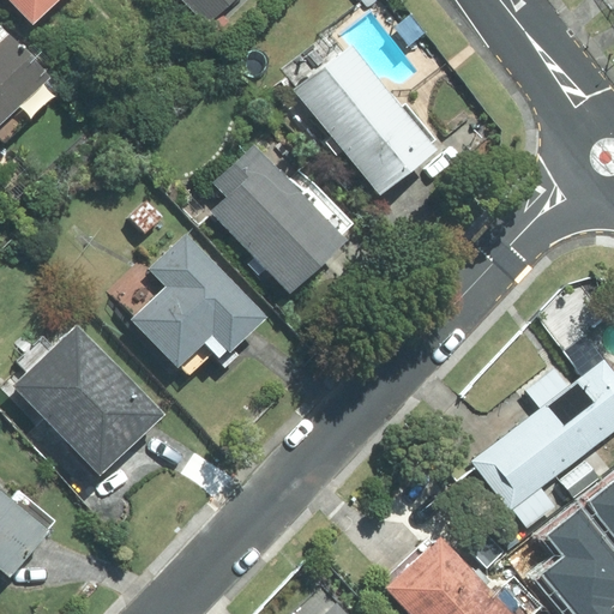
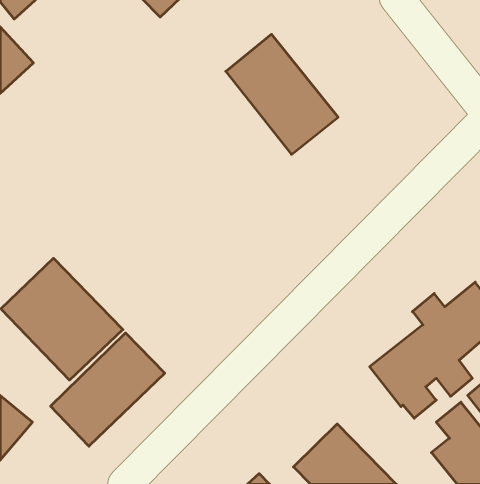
building: [209,142,355,294] -> none
building: [133,233,265,367] -> none
building: none -> [51,333,165,446]

